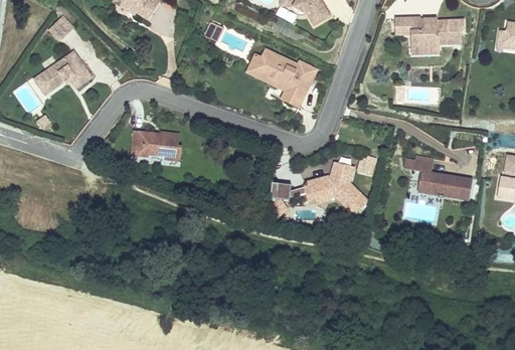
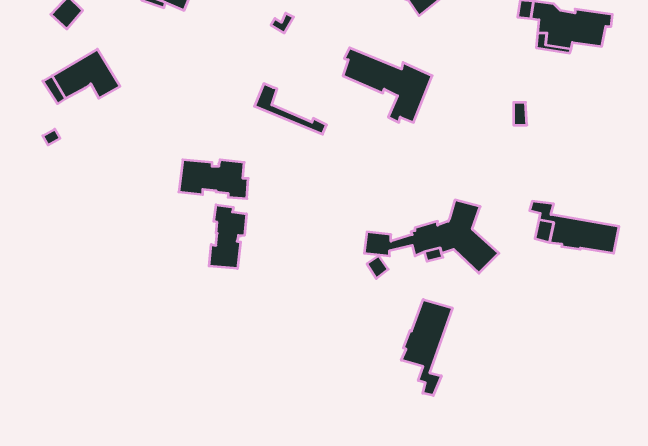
building: [249,51,304,90] -> [254,84,327,134]
building: none -> [209,205,246,269]
building: none -> [401,299,452,396]

